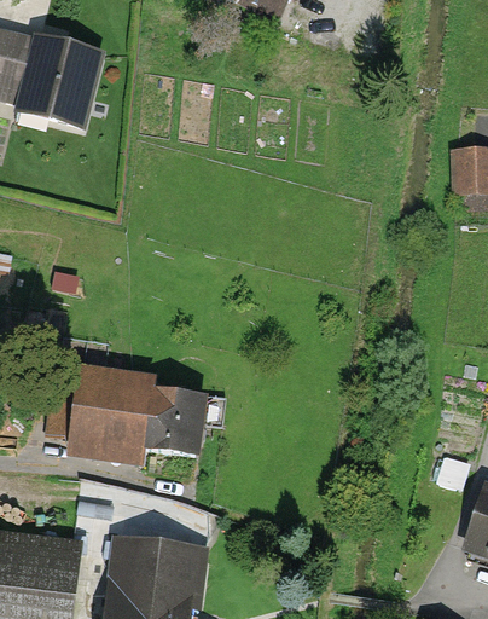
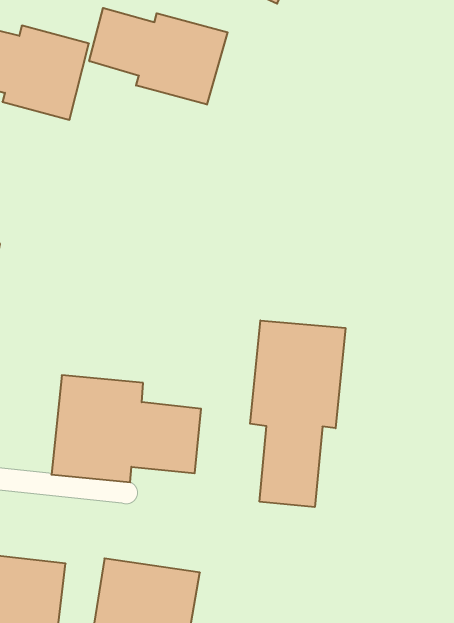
building: none -> [89,8,228,105]
building: none -> [250,320,345,507]

